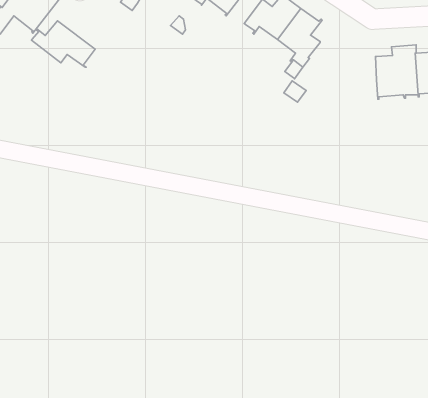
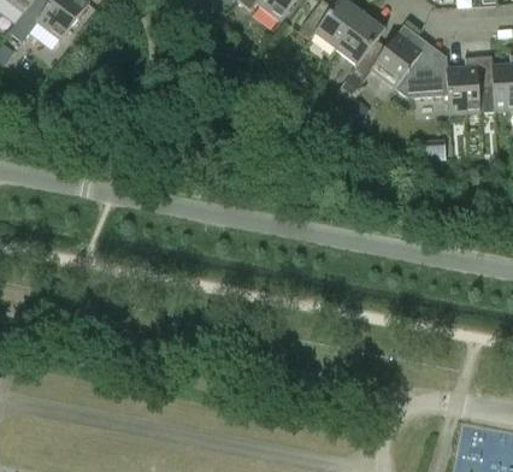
building: none -> [370,24,447,98]
building: [32,21,95,67] -> none

